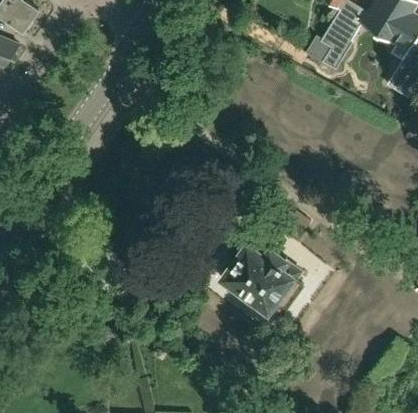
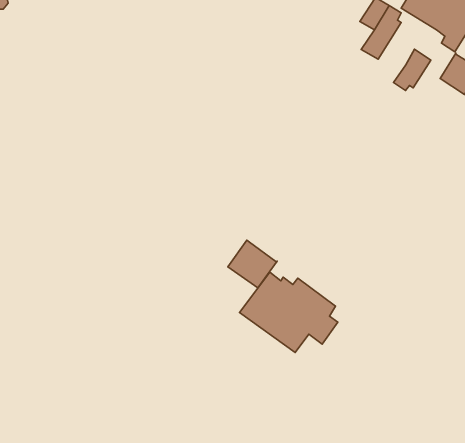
building: none -> [394,49,431,90]
building: none -> [228,240,277,288]

